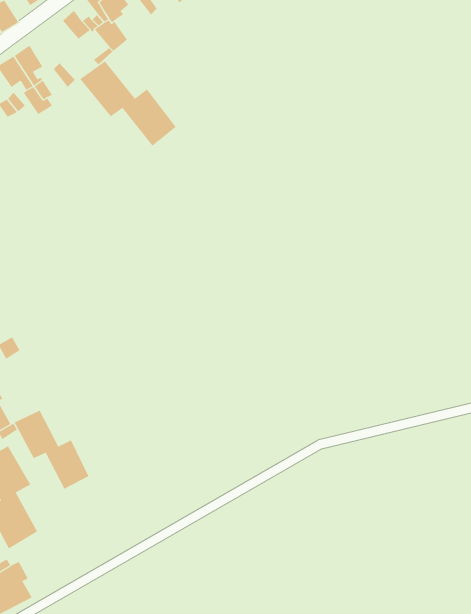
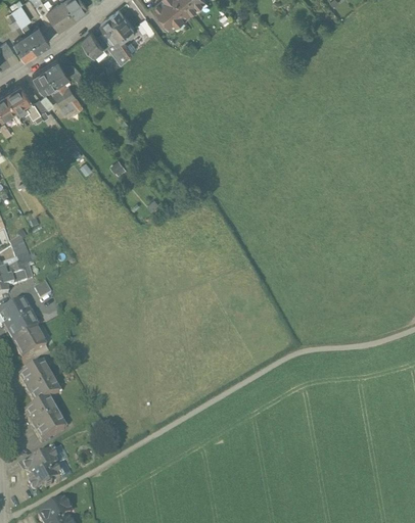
building: [80,60,176,146] -> none
building: [14,410,89,489] -> none

